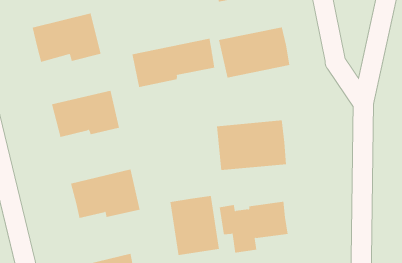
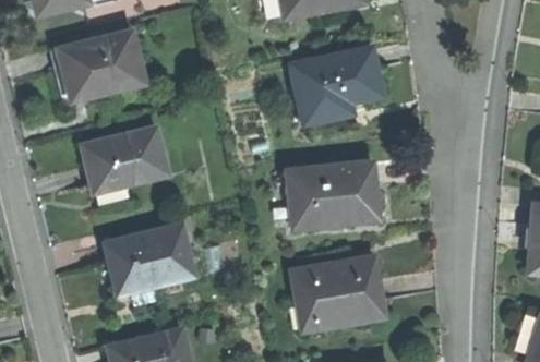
building: [132,38,215,88] -> none
building: [170,195,219,256] -> none

